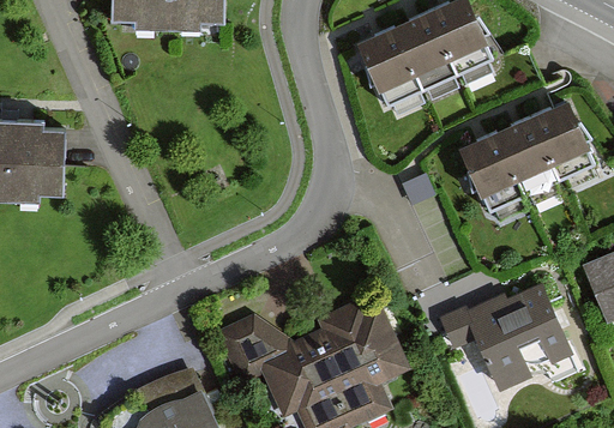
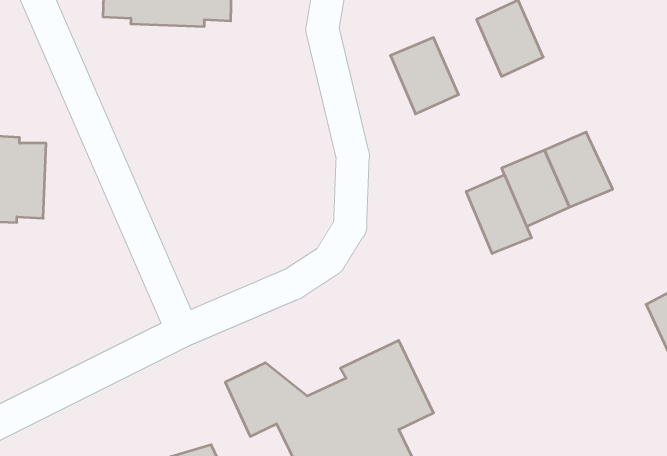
building: [397,22,456,86] -> none
building: [529,102,588,168] -> none
building: none -> [466,175,531,254]
building: [463,289,567,387] -> none

